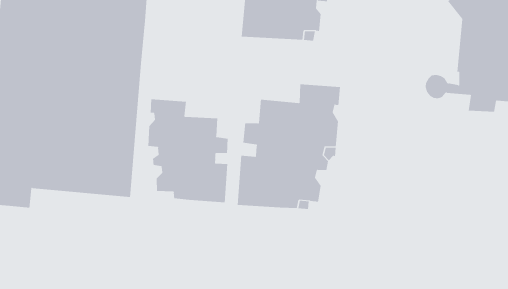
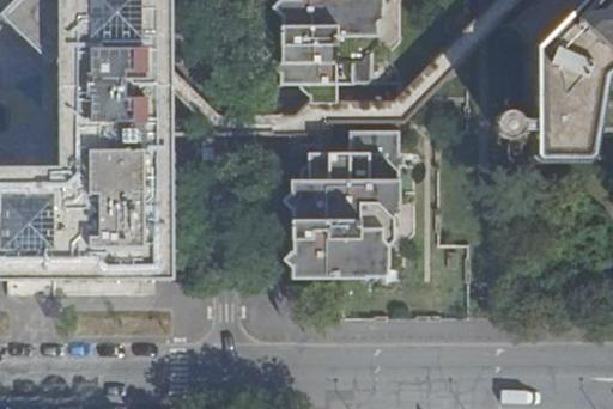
building: [148,99,228,203] -> none

